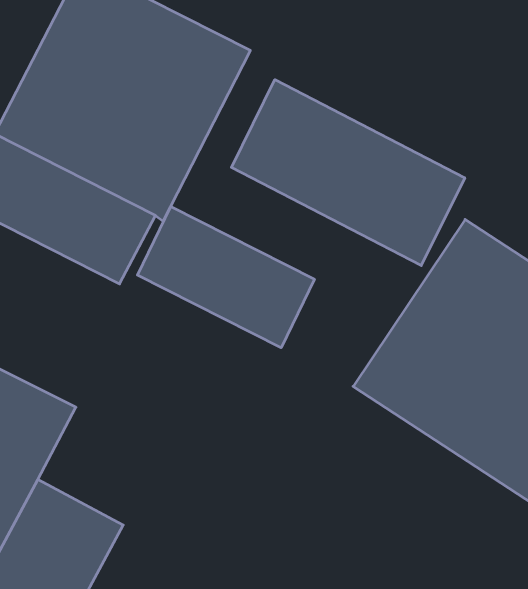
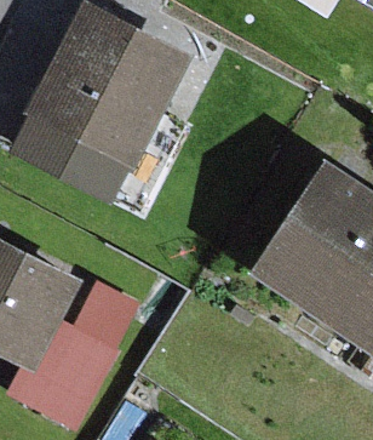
building: [231,80,465,266] -> none
building: [137,207,314,348] -> none

